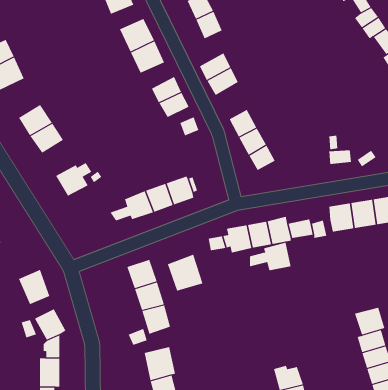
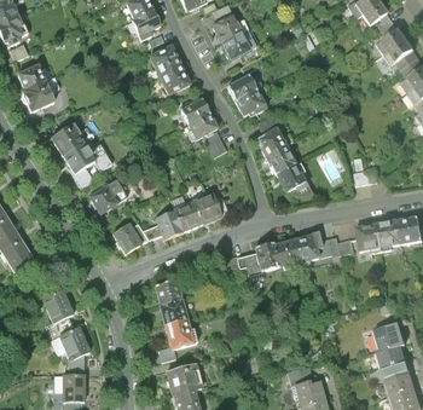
building: none -> [109,220,143,253]
building: [249,242,291,271] -> none
building: [167,254,203,292] -> none

